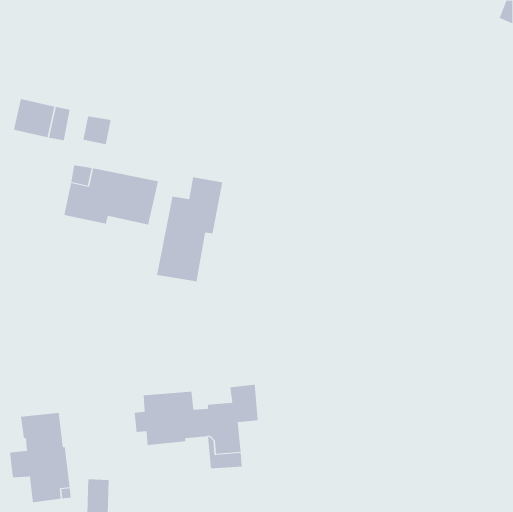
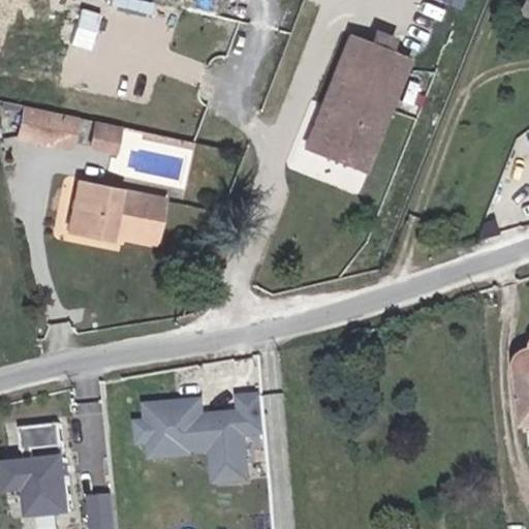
building: none -> [304,39,405,170]
building: [157,177,223,282] -> none

